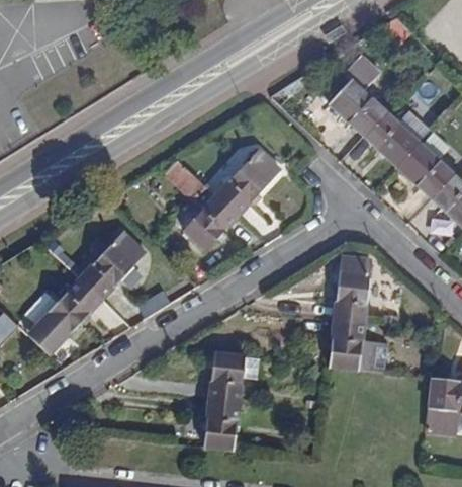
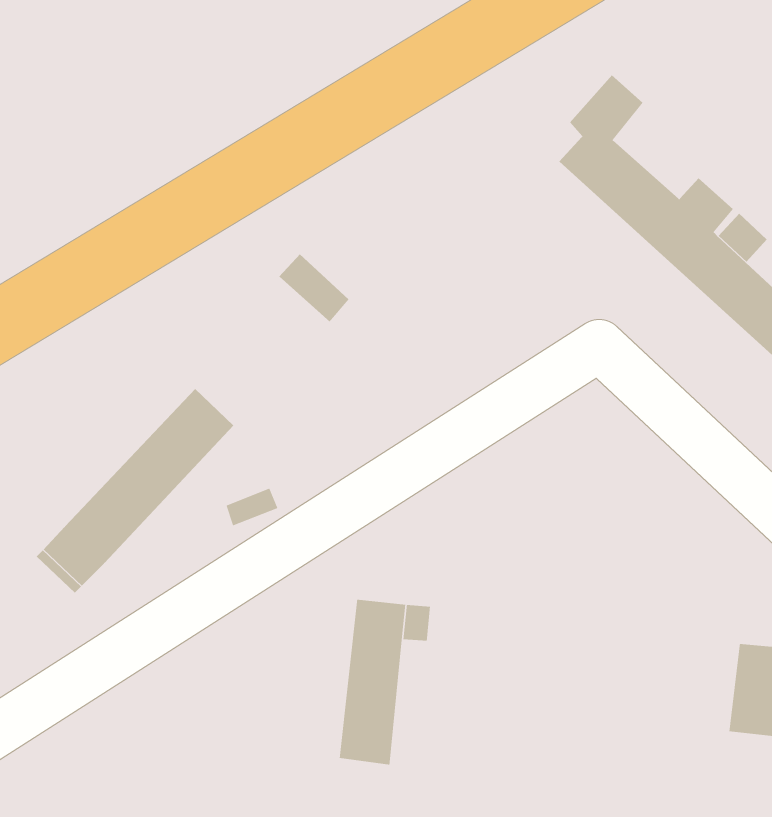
building: [183,149,280,250] -> none
building: [329,256,386,371] -> none

